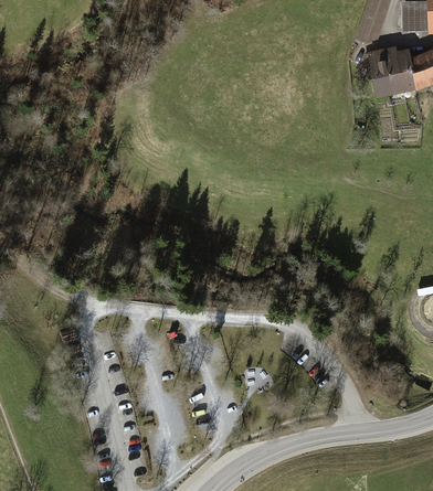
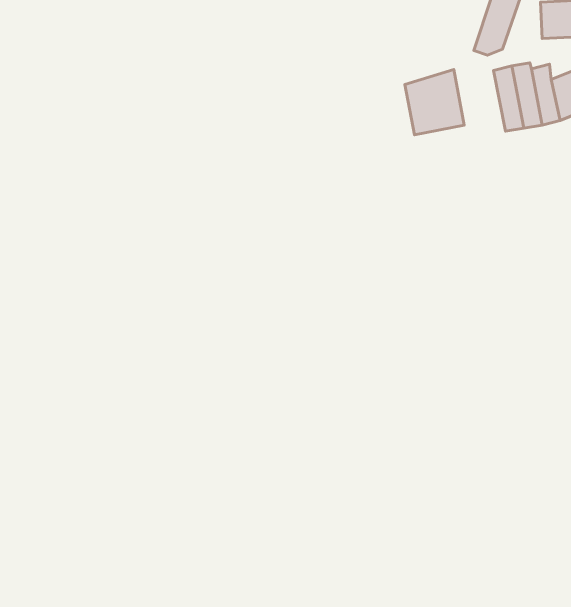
building: none -> [405,70,464,135]

